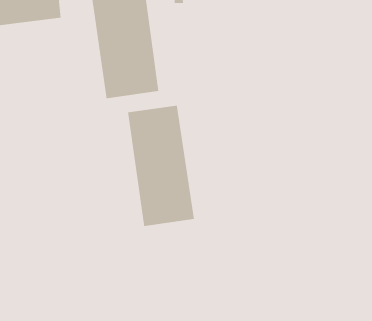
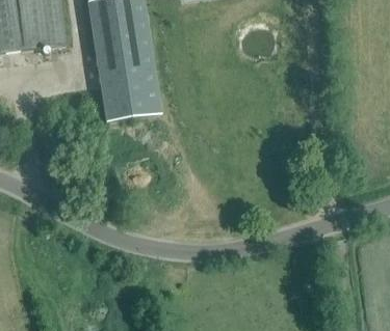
building: [128,105,195,227] -> none

